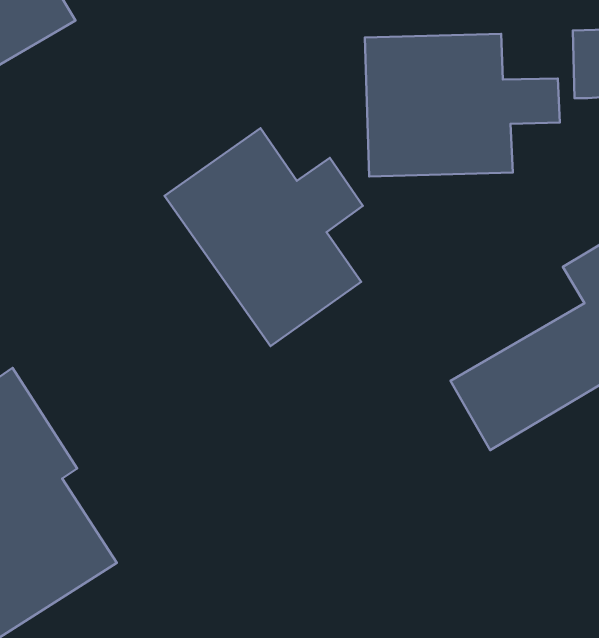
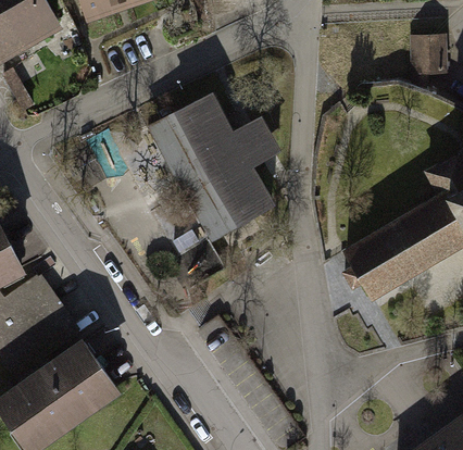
building: [365,34,560,176] -> none

